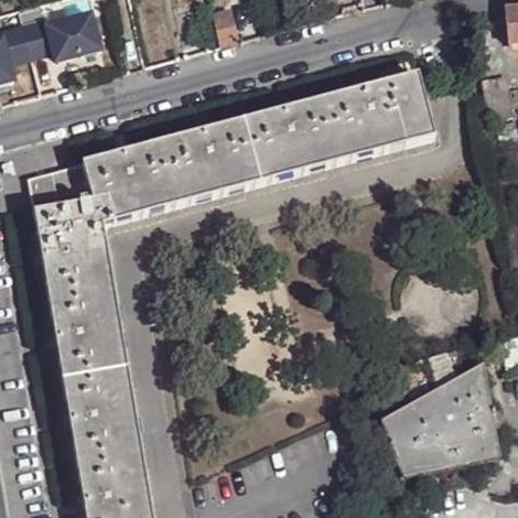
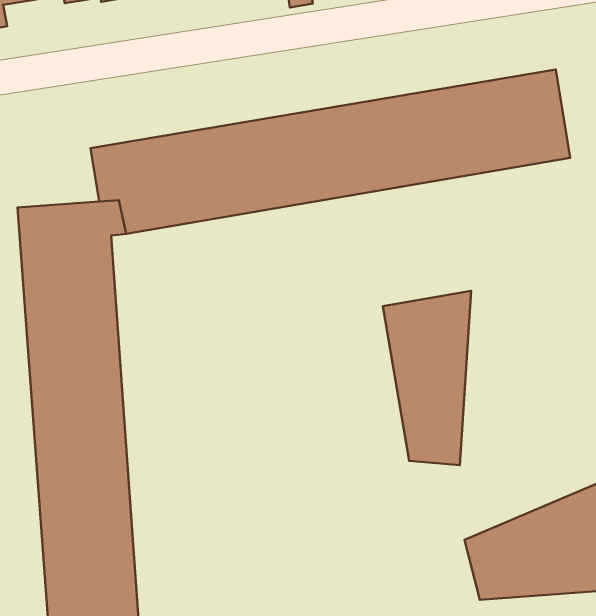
building: [28,159,93,207] -> none
building: none -> [383,291,471,465]

